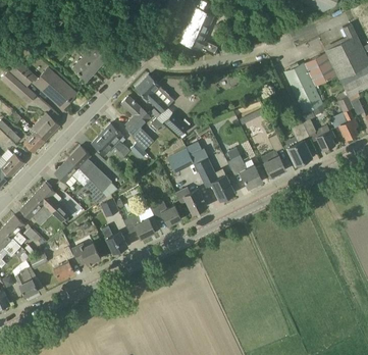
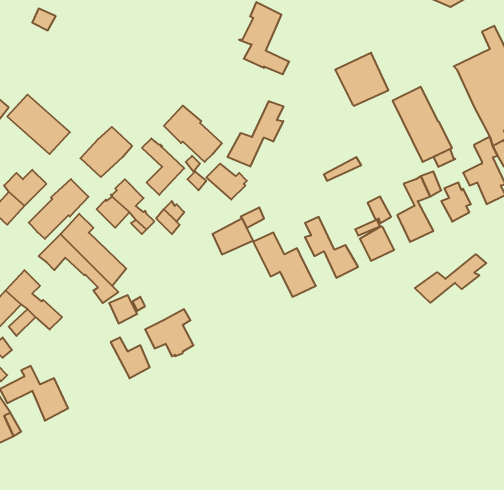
building: [72,47,106,80] -> [80,127,132,177]
building: [303,52,337,87] -> [335,53,388,106]
building: none -> [228,101,283,167]
building: none -> [29,179,89,239]
building: none -> [415,254,486,303]
building: [175,188,207,213] -> none
building: [149,201,181,225] -> none
building: [72,243,101,265] -> none

